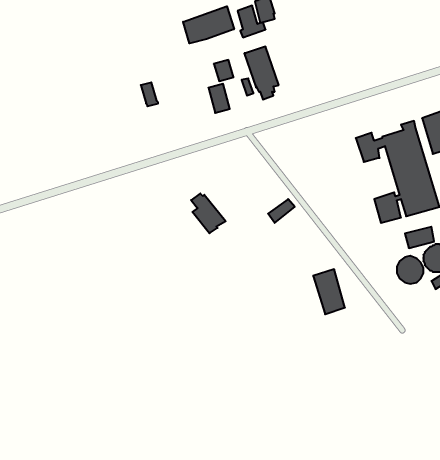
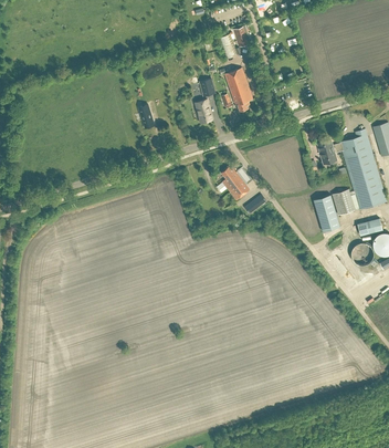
building: [183,6,234,43] -> none
building: [191,193,226,233] -> [221,167,250,200]
building: [313,269,345,314] -> [314,195,340,232]

